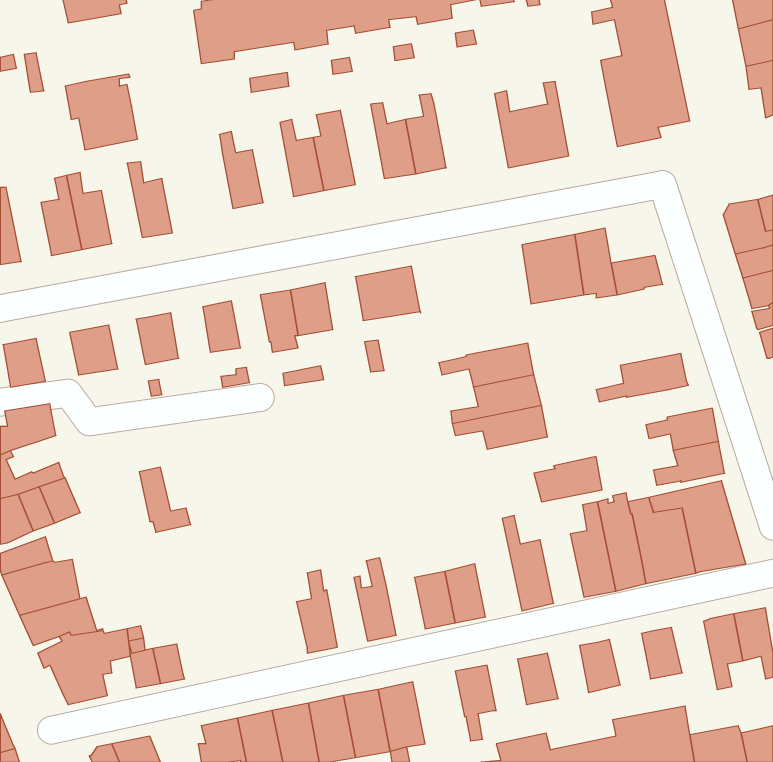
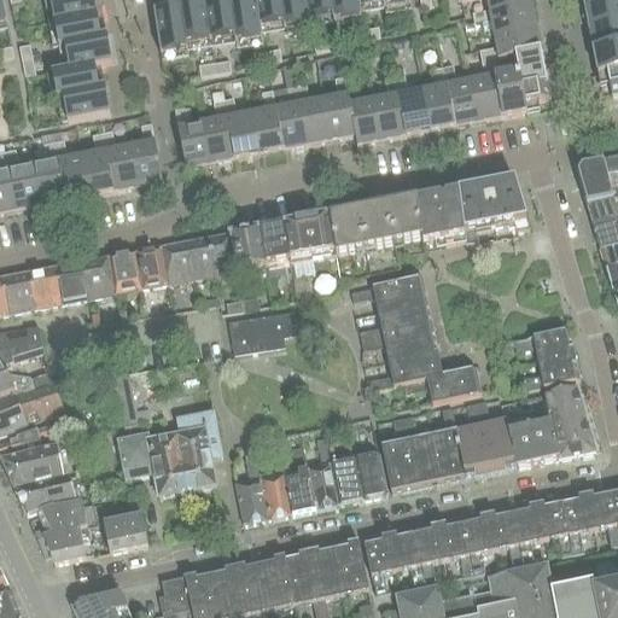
building: none -> [54,11,112,65]
building: none -> [443,63,492,124]
building: none -> [346,75,406,144]
building: none -> [275,83,307,147]
building: none -> [202,98,234,162]
building: none -> [129,122,163,186]
building: none -> [81,130,113,194]
building: none -> [5,147,41,209]
building: none -> [483,177,523,210]
building: none -> [328,196,422,250]
building: none -> [260,221,290,263]
building: none -> [185,235,215,278]
building: none -> [136,245,168,286]
building: none -> [87,255,116,295]
building: none -> [29,266,63,304]
building: [596,353,688,402] -> [369,349,443,387]
building: none -> [229,309,298,352]
building: none -> [427,403,466,482]
building: none -> [117,408,223,497]
building: none -> [381,414,416,492]
building: none -> [308,441,339,507]
building: none -> [261,461,293,517]
building: none -> [536,496,572,553]
building: none -> [486,506,519,547]
building: none -> [437,515,470,558]
building: none -> [389,526,420,567]
building: none -> [330,538,368,594]

